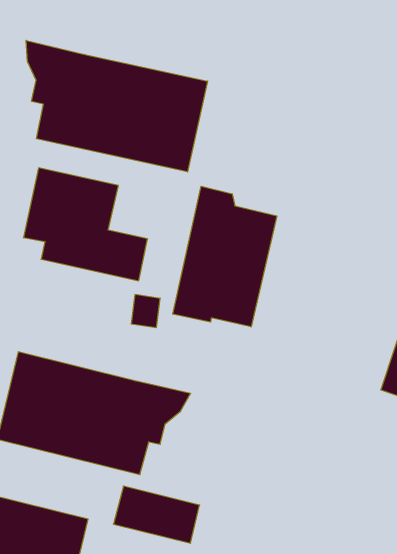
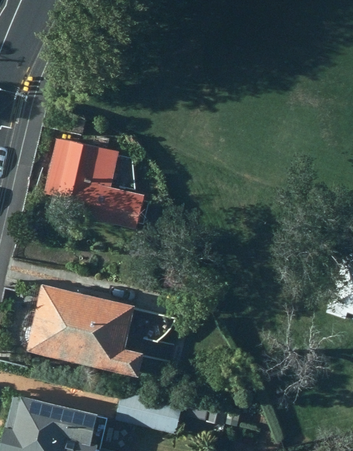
building: [26,40,208,172] -> none
building: [173,186,277,327] -> none

